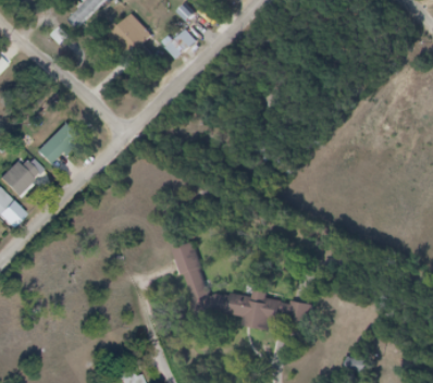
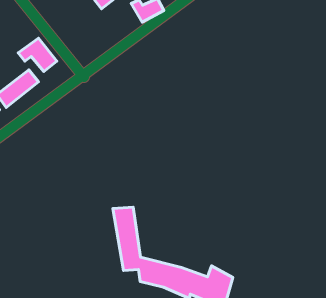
building: none -> [18,38,57,71]

